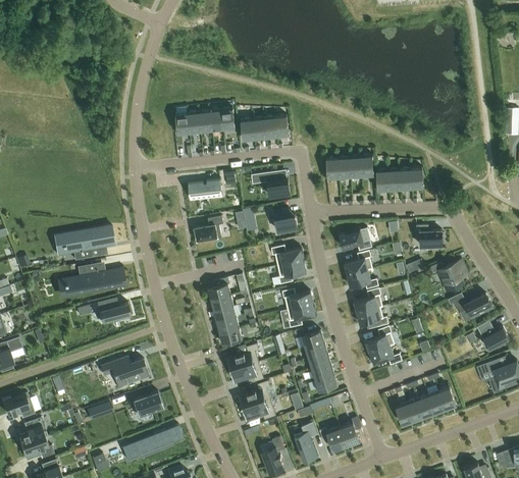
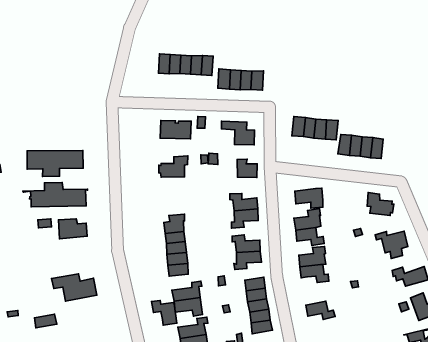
building: [364,326,393,353] -> none
building: none -> [151,300,177,325]
building: [131,391,163,417] -> none

